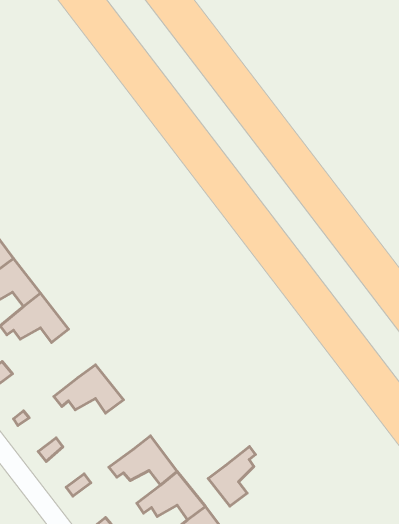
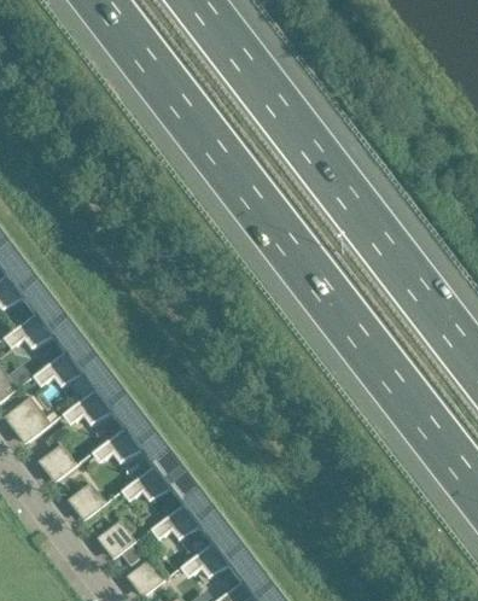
building: none -> [66,375,140,427]
building: none -> [126,451,199,504]
building: [208,446,255,506] -> none

